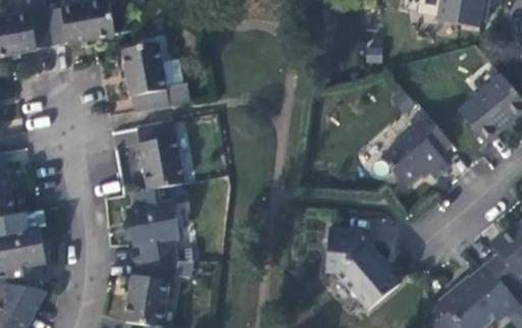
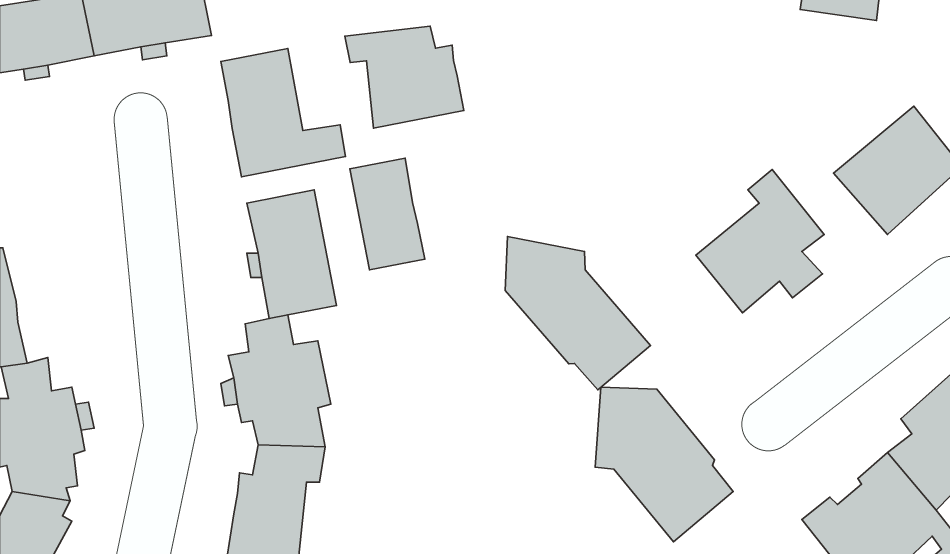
building: none -> [345,26,464,128]
building: none -> [350,158,425,270]
building: none -> [505,236,650,390]

